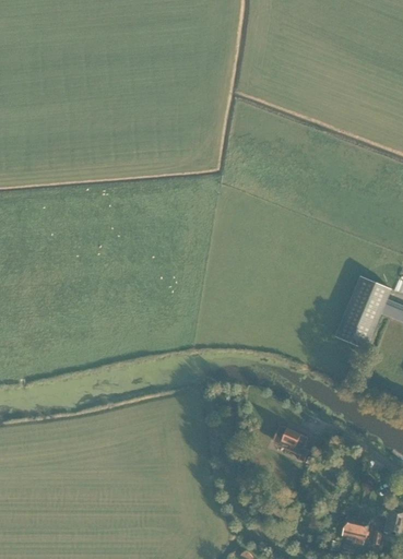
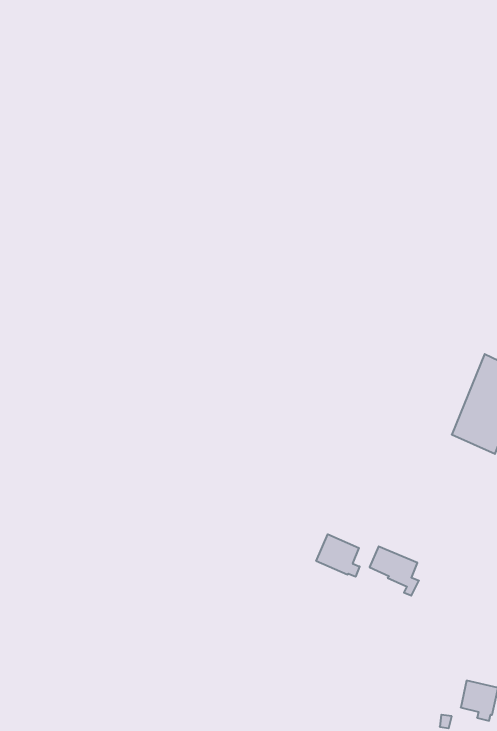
building: none -> [316,534,360,577]

